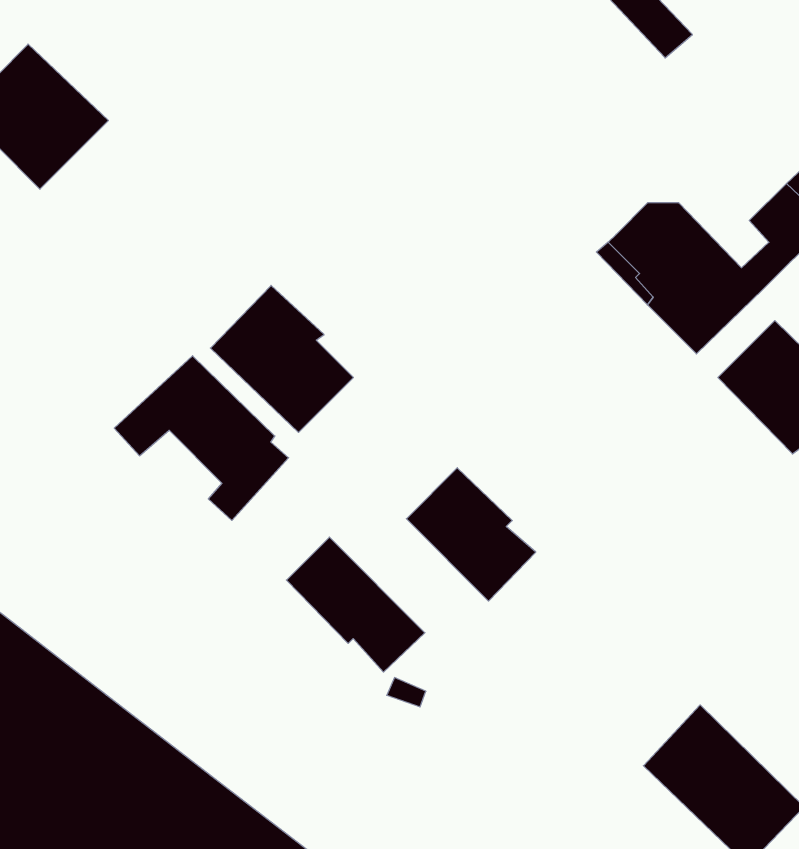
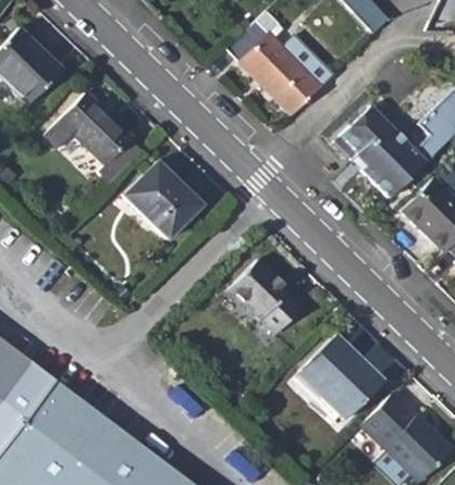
building: none -> [228,12,321,114]
building: [114,356,289,520] -> [44,92,140,184]
building: [286,537,425,672] -> none
building: none -> [297,338,382,421]

